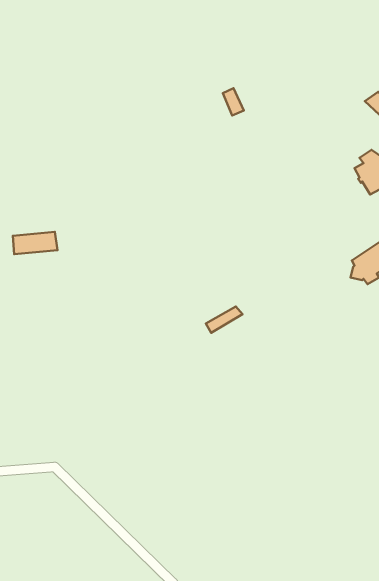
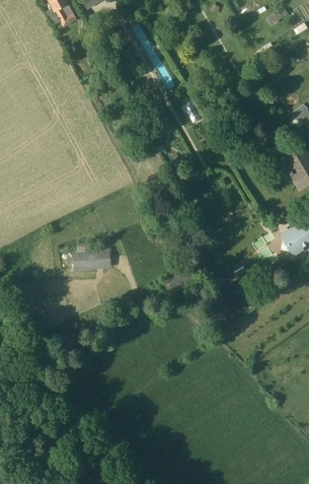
building: [13,232,57,254] -> [74,251,108,268]

